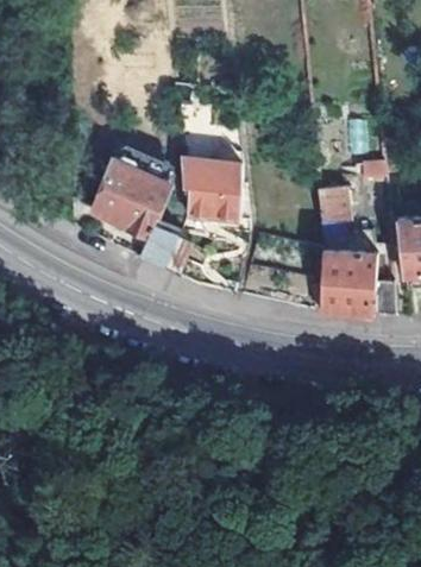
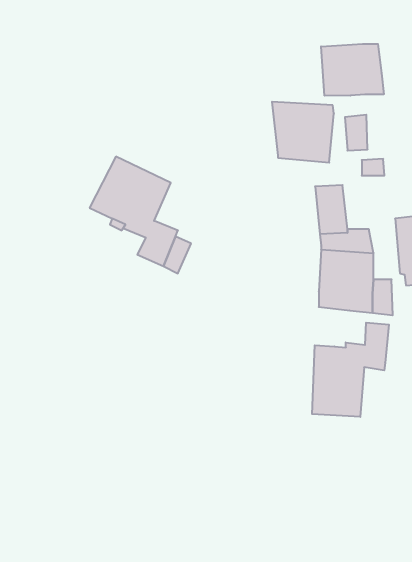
building: none -> [321,44,384,96]
building: [181,159,243,220] -> [272,102,334,163]
building: none -> [312,323,389,417]

